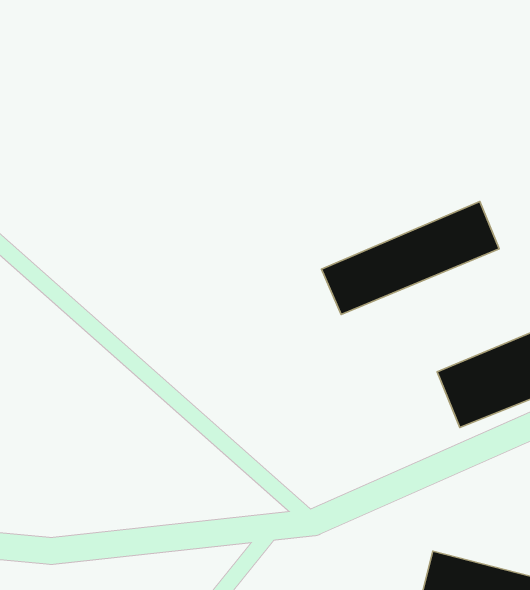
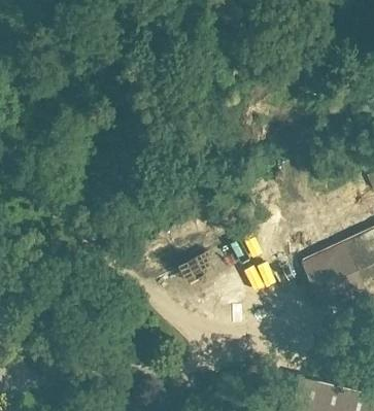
building: [321,201,499,315] -> none

